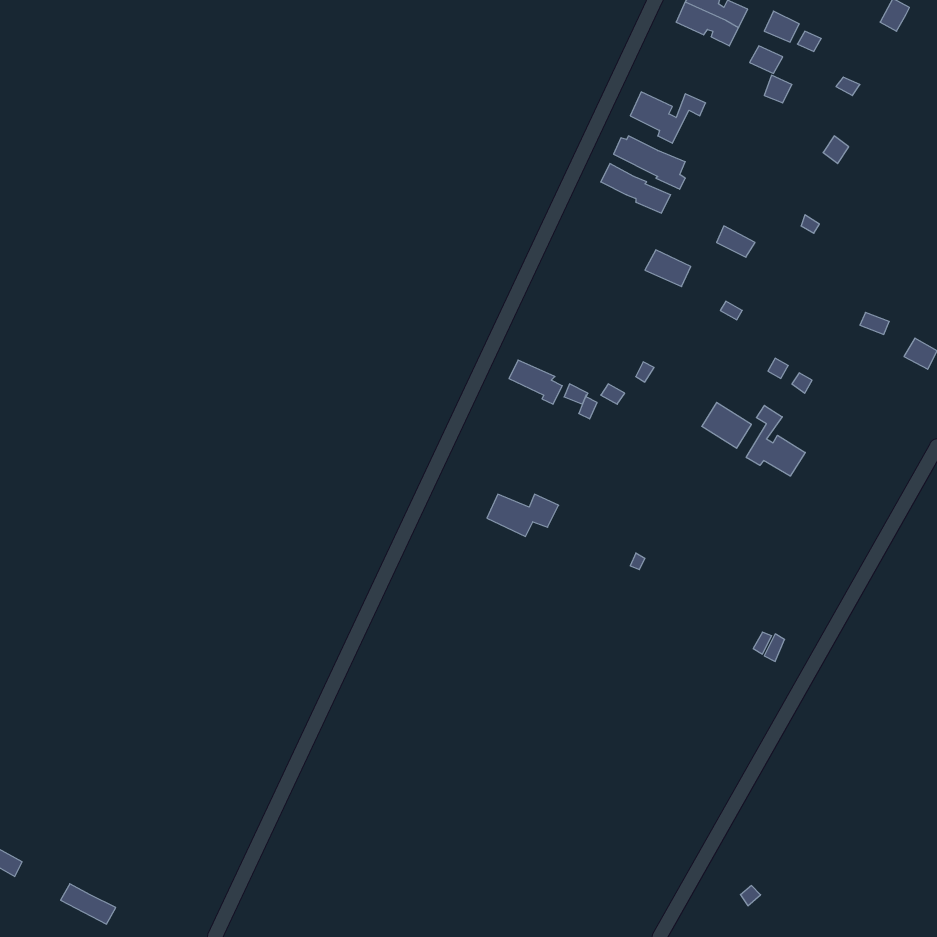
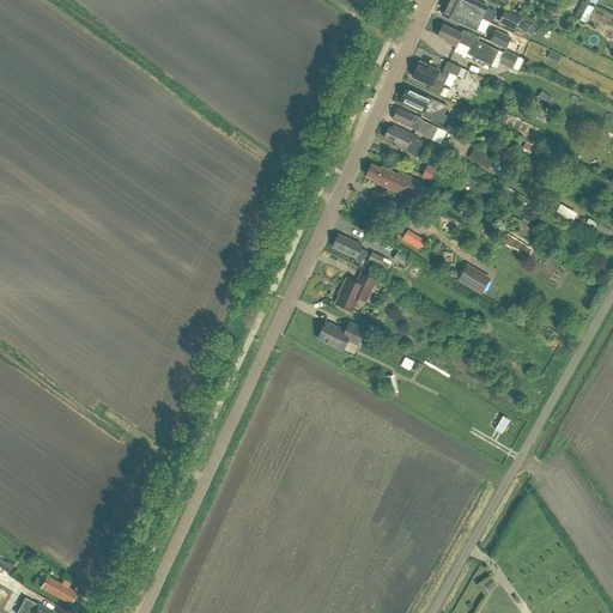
building: none -> [437,24,498,65]
building: none -> [383,125,427,157]
building: none -> [365,163,421,198]
building: [746,405,805,476] -> none
building: none -> [335,273,375,311]

